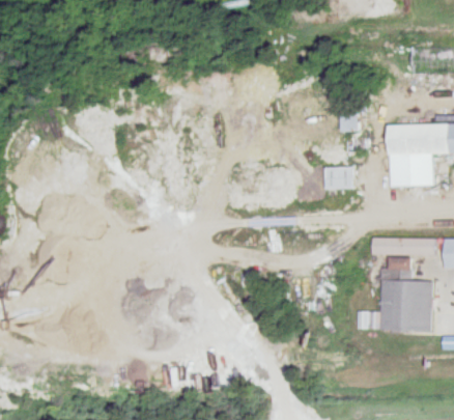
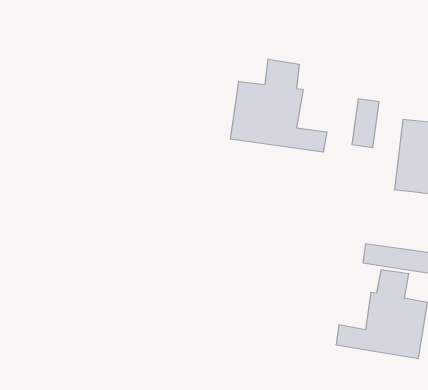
building: none -> [230,59,327,152]
building: [329,167,351,188] -> none

